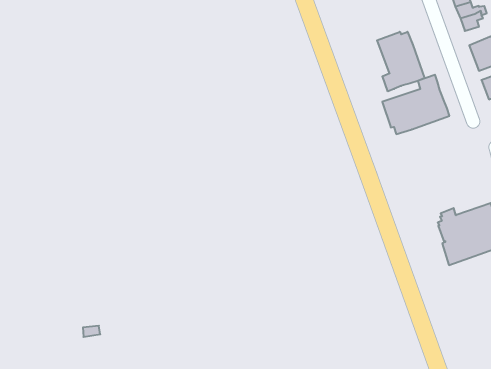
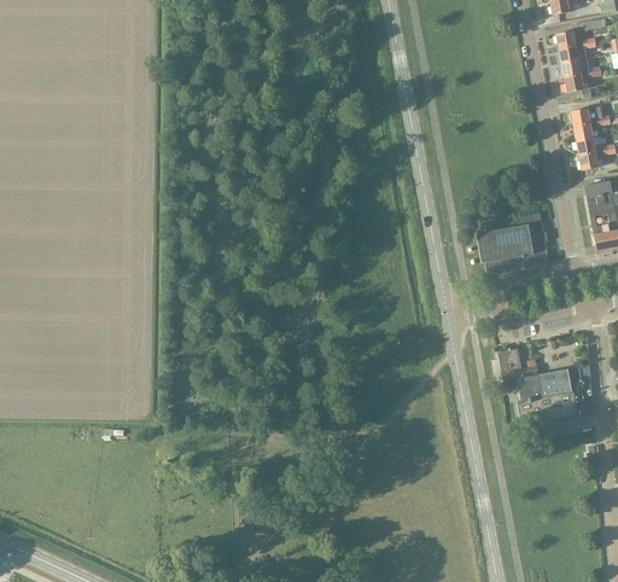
building: [377,32,424,91] -> none
building: none -> [497,345,523,382]

